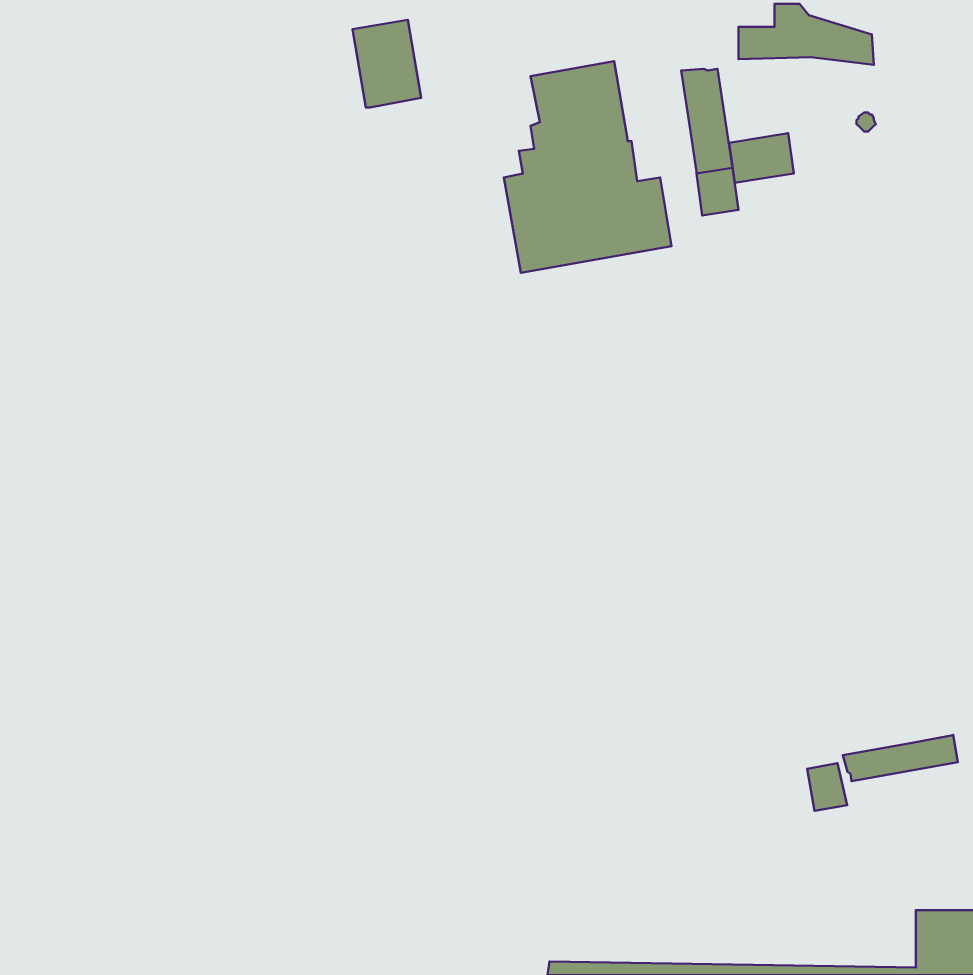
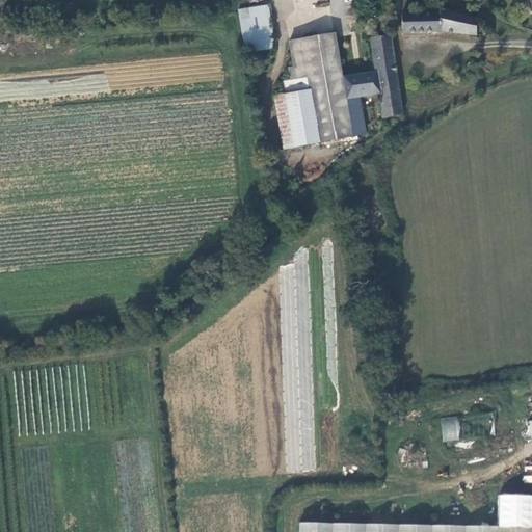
building: [353,20,421,107] -> [239,5,276,53]
building: [729,133,794,183] -> [345,72,380,99]
building: [843,735,958,781] -> none

